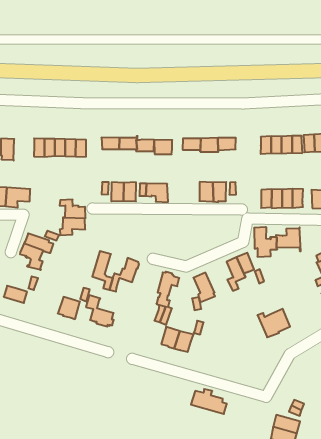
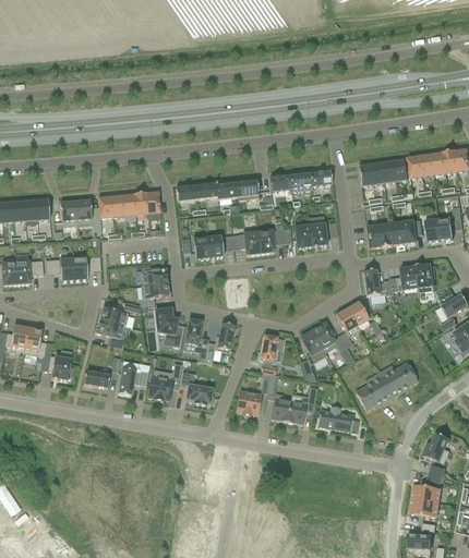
building: none -> [75,199,100,226]
building: none -> [257,223,285,253]
building: none -> [416,264,435,300]
building: none -> [155,307,184,347]
building: none -> [313,323,347,351]
building: none -> [118,368,148,395]
building: none -> [356,372,393,410]
building: none -> [237,390,261,414]
building: none -> [422,433,450,463]
building: [191,389,227,414] -> [317,405,359,432]

